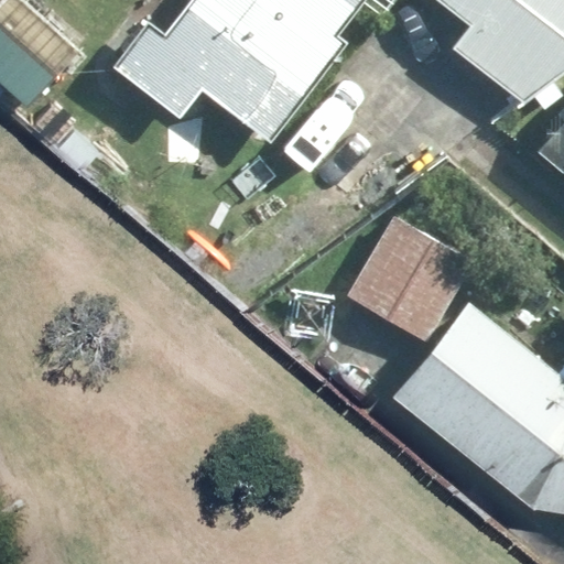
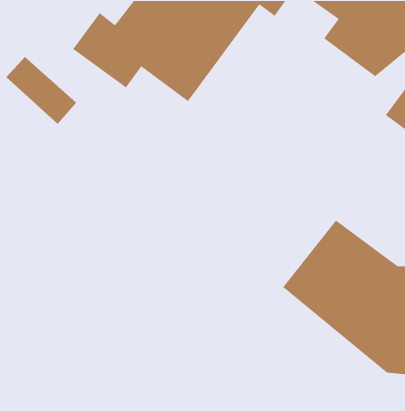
building: [348,216,473,344] -> none

